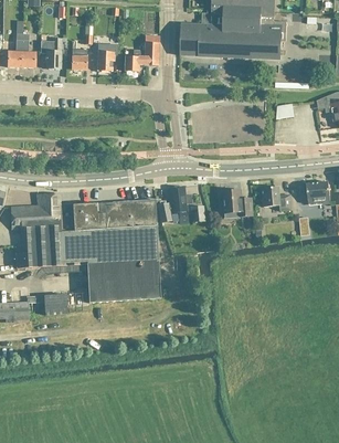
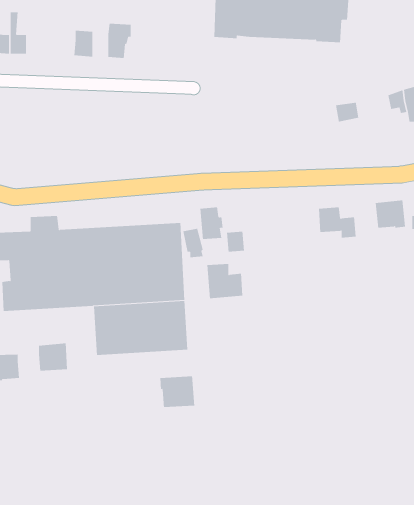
building: [125,34,160,70] -> none
building: [41,36,62,67] -> none
building: [224,189,253,217] -> [206,263,243,299]
building: none -> [160,376,195,408]

